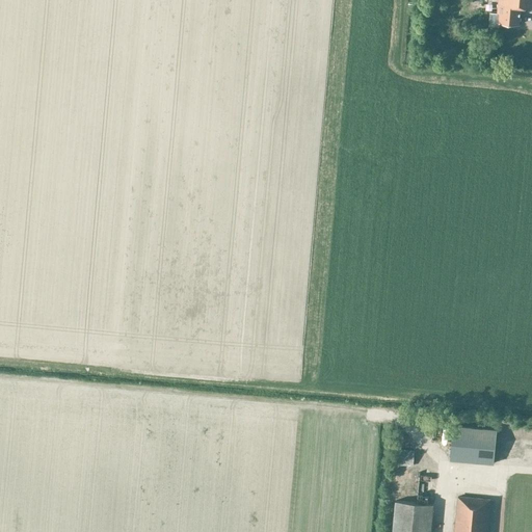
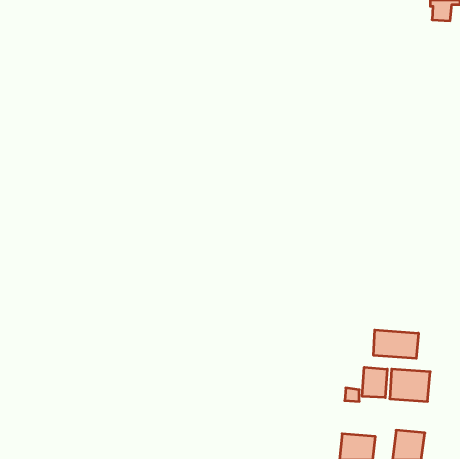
building: none -> [374,330,418,358]
building: none -> [362,367,387,398]

